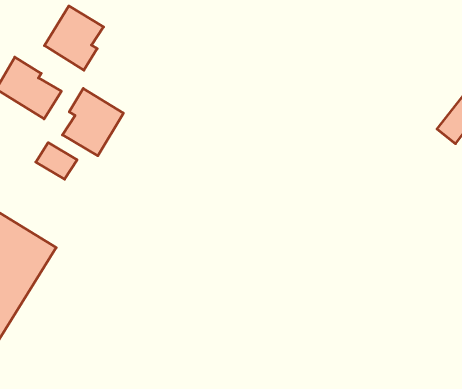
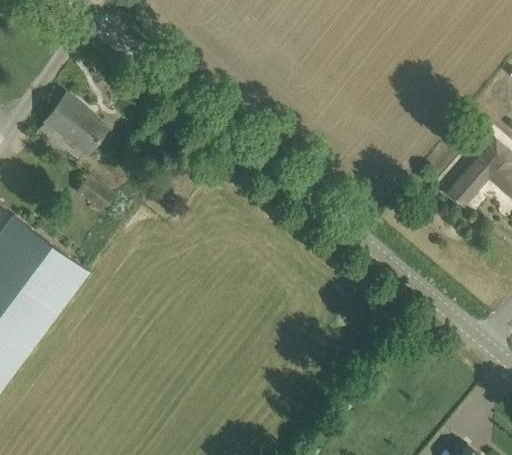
building: [44,6,104,70] -> none
building: [62,88,123,156] -> none

